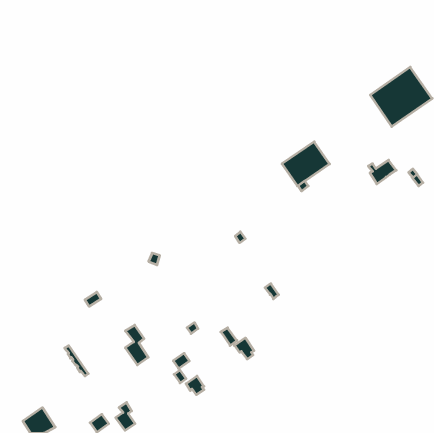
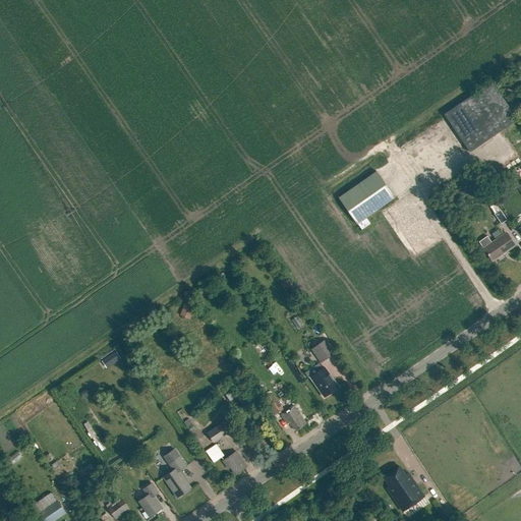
building: [368,160,396,184] -> [481,232,515,260]
building: none -> [309,366,338,396]
building: [125,325,148,365] -> [163,449,190,497]
building: none -> [384,466,423,510]

